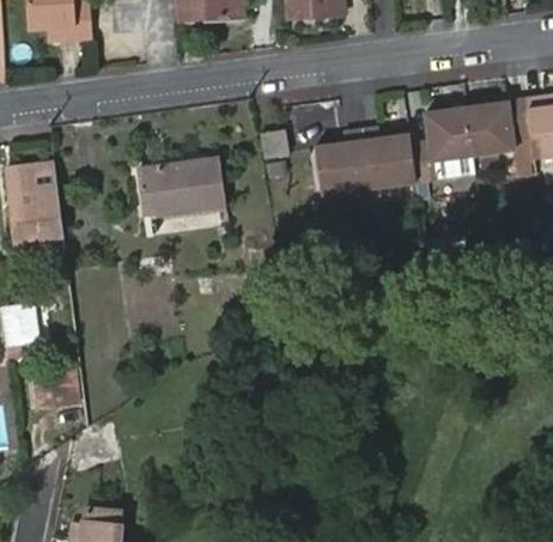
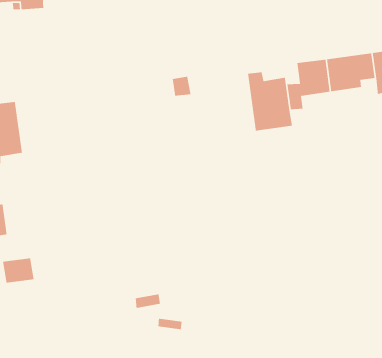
building: [318,127,372,212] -> none
building: [138,162,224,217] -> none

